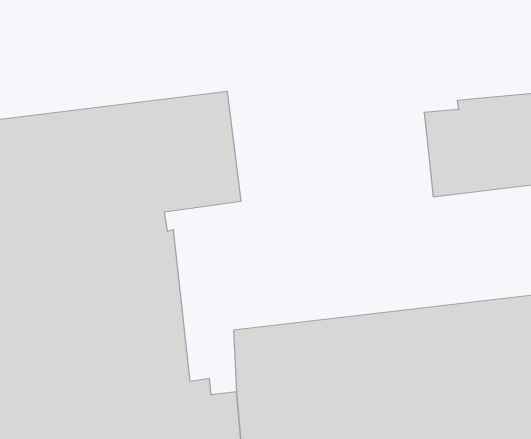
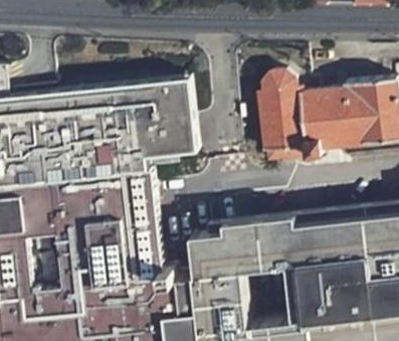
building: none -> [258,72,327,165]

